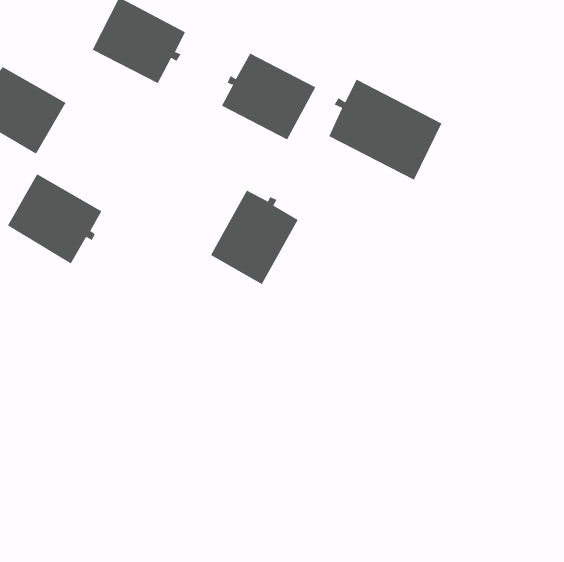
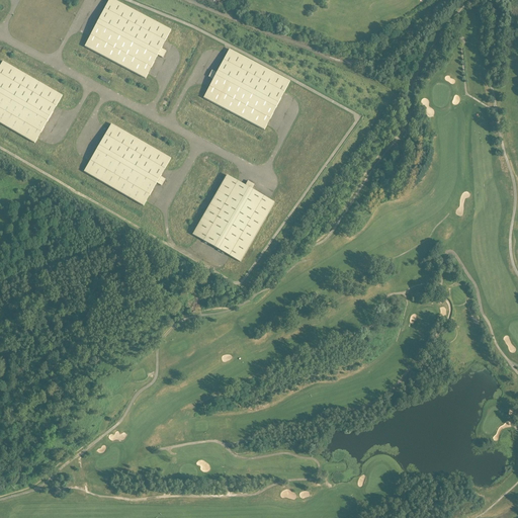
building: [328,79,442,181] -> none
building: [7,174,102,264] -> [83,122,170,205]

